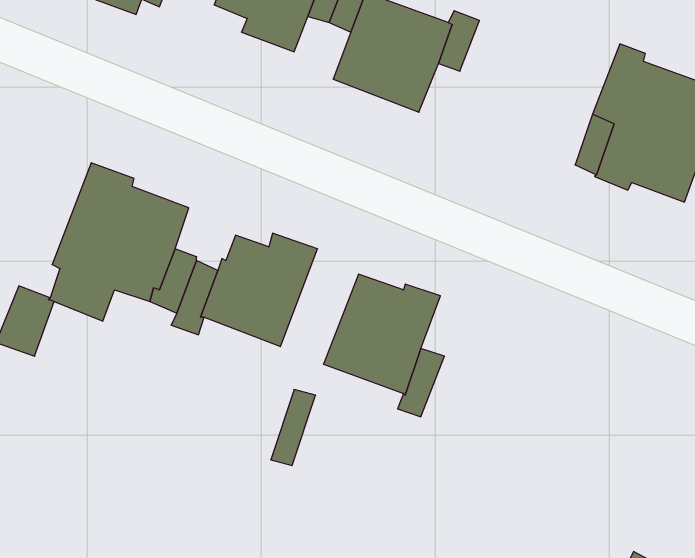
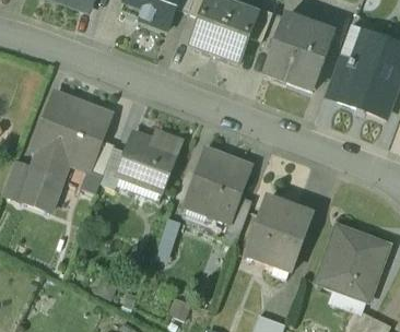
building: none -> [263,15,333,91]
building: none -> [23,169,61,210]
building: none -> [246,197,310,271]
building: none -> [315,224,388,300]

